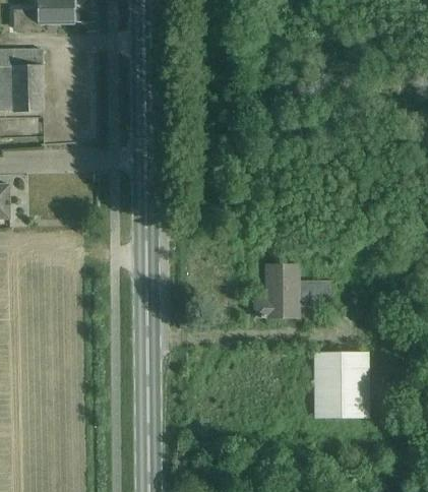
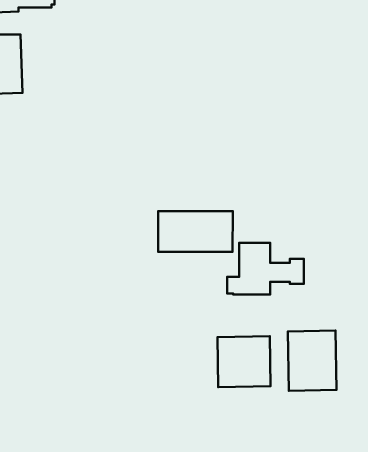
building: none -> [158,211,233,252]
building: none -> [218,336,271,387]

